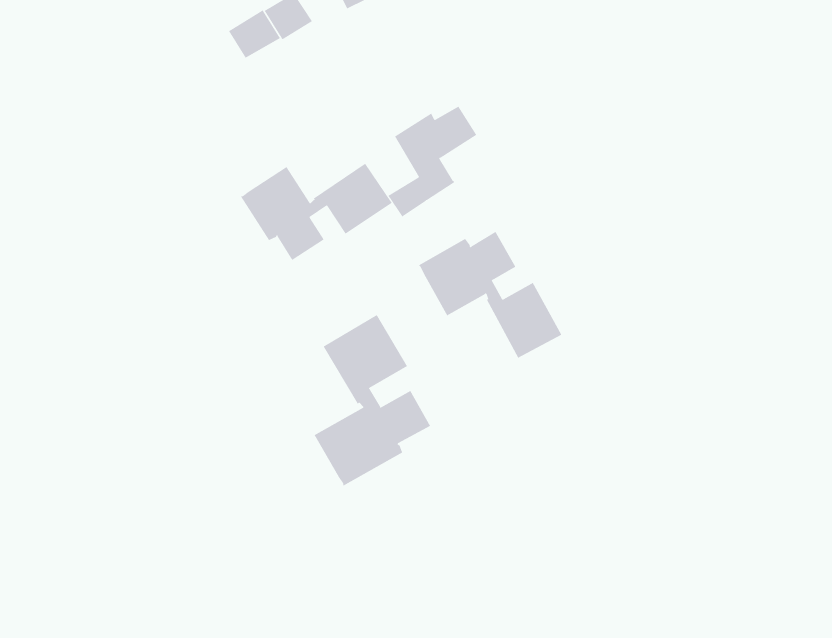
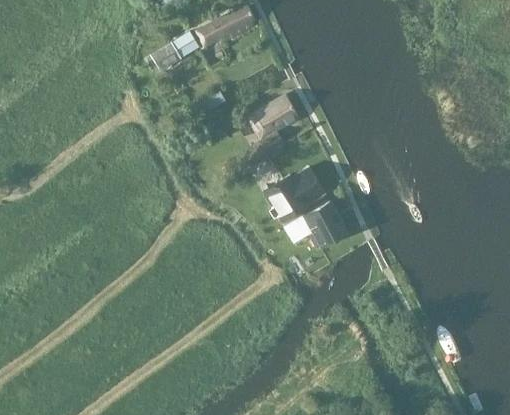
building: [240,163,393,261] -> none
building: [314,314,431,486] -> none

